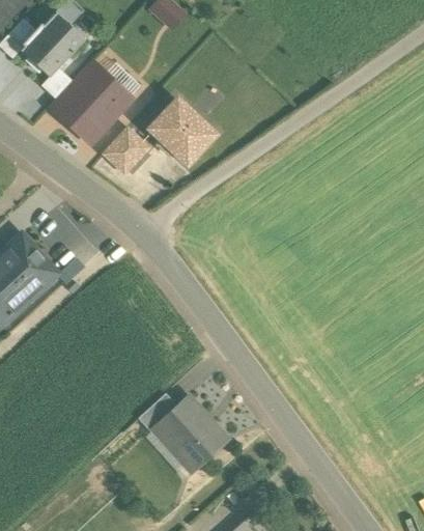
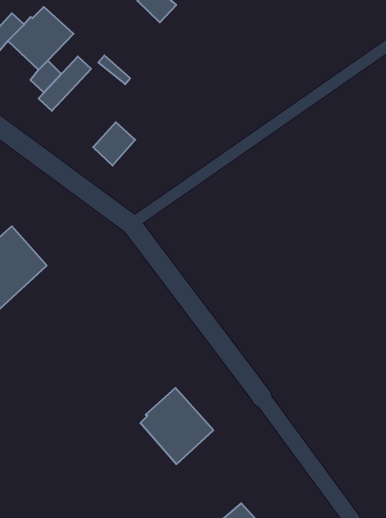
building: [64,73,134,144] -> none
building: [151,101,216,163] -> none
building: [138,393,178,434] -> none

